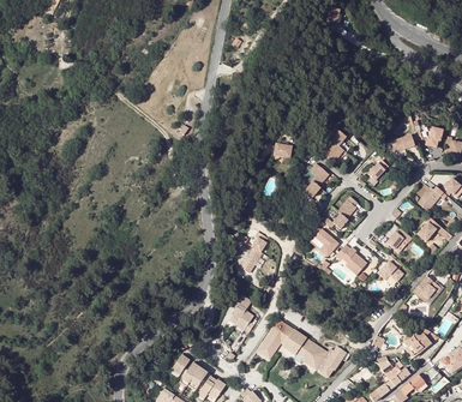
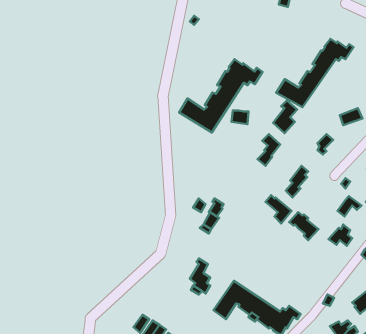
building: none -> [276,39,354,107]
building: none -> [179,59,263,132]

